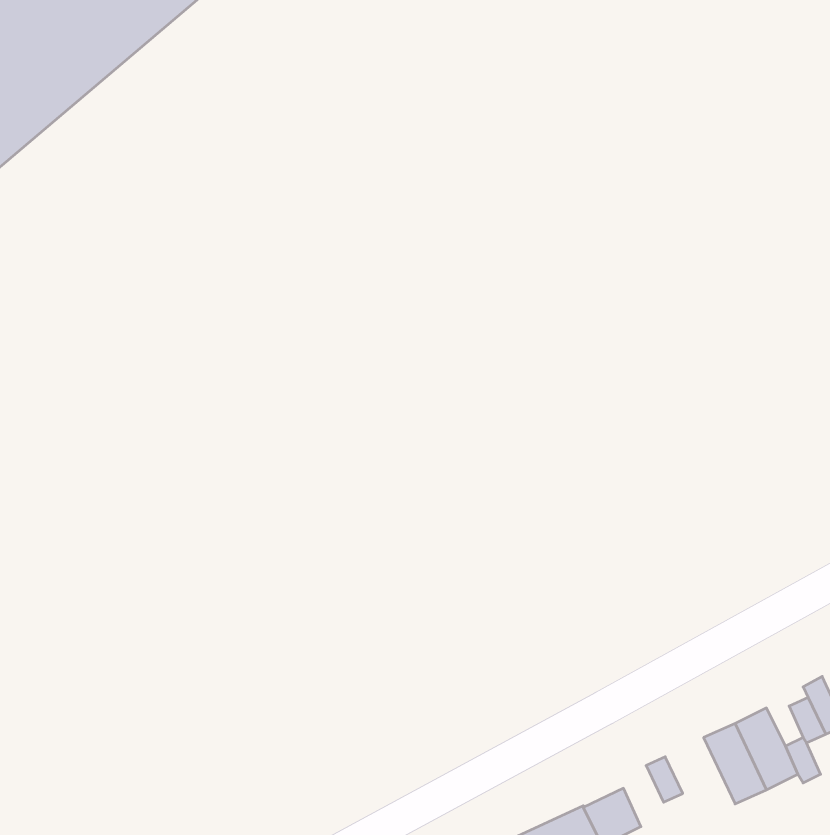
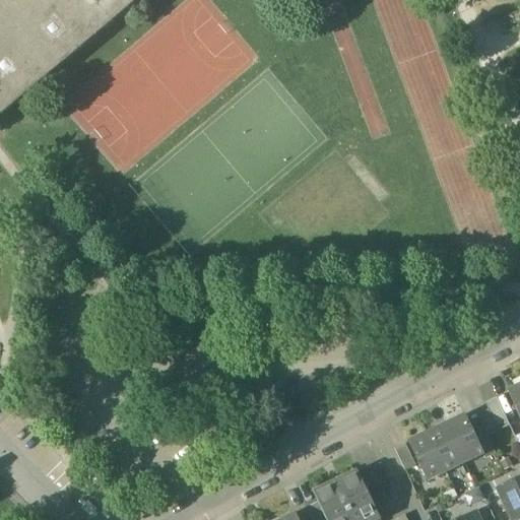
building: none -> [406,431,443,478]

